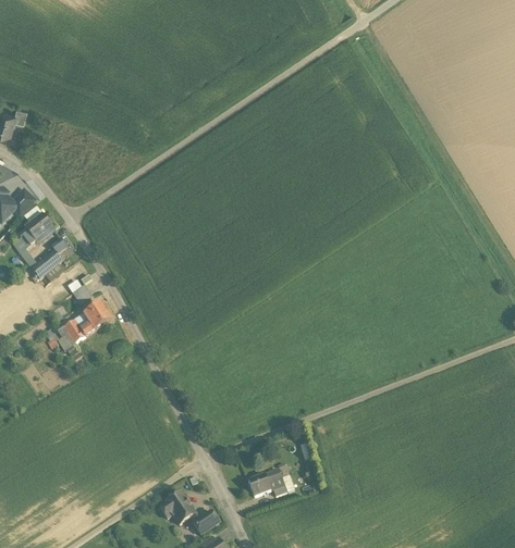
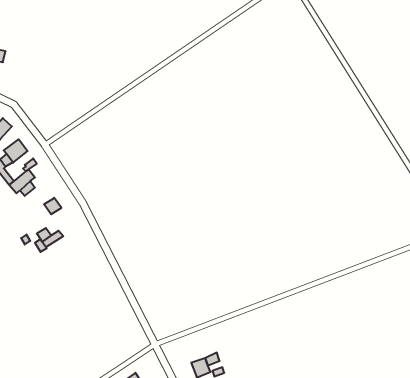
building: [85,301,112,329] -> none

